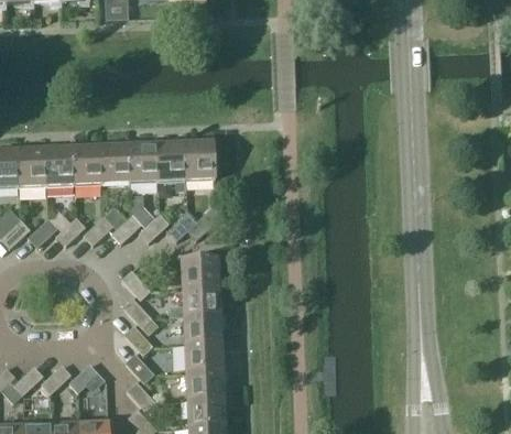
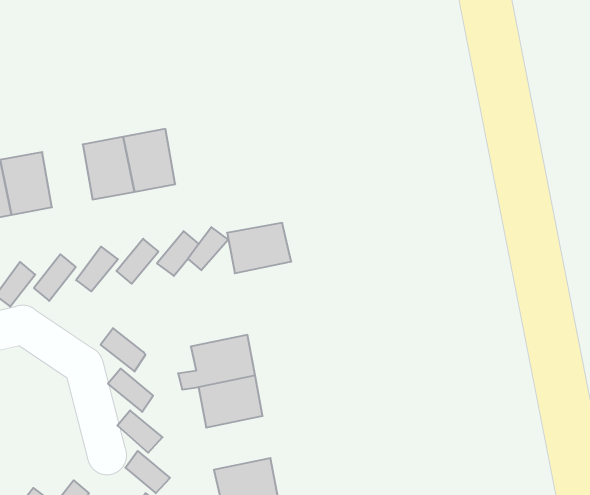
building: [186,141,217,180] -> none
building: [102,144,131,183] -> none
building: [181,260,220,289] -> [227,223,291,273]
building: [184,341,224,372] -> none

